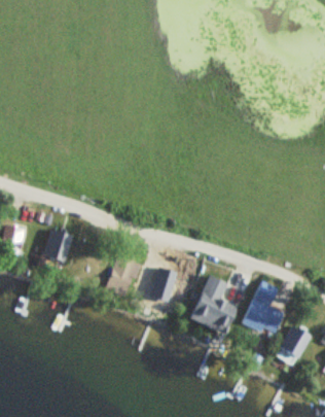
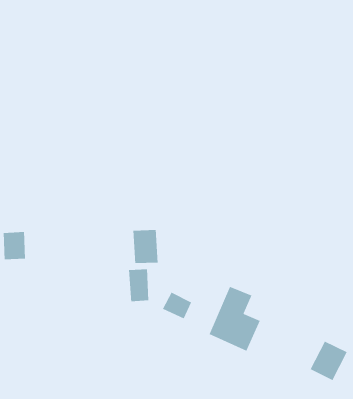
building: none -> [133,229,159,264]
building: [46,227,73,263] -> none
building: [244,280,284,335] -> none

